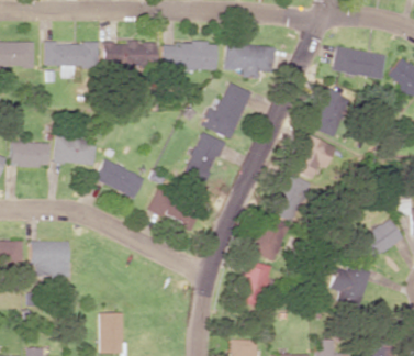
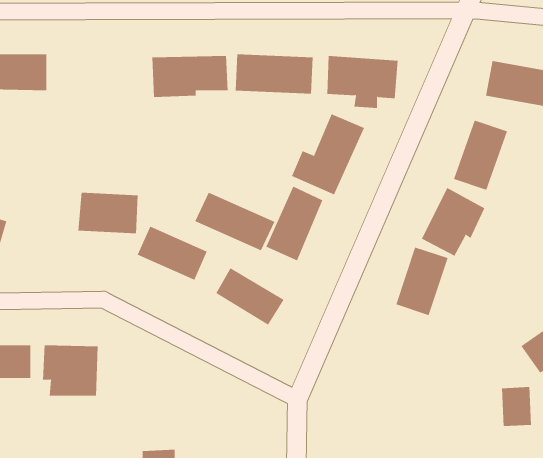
building: [45,43,99,77] -> none
building: none -> [195,192,275,251]
building: [12,142,49,167] -> none
building: [251,214,290,262] -> none
building: [238,260,270,308] -> none

